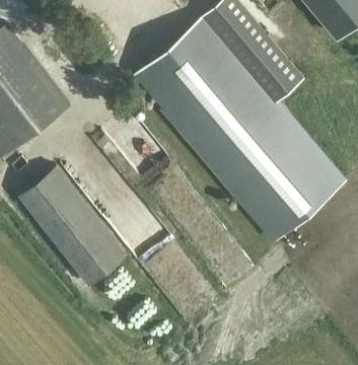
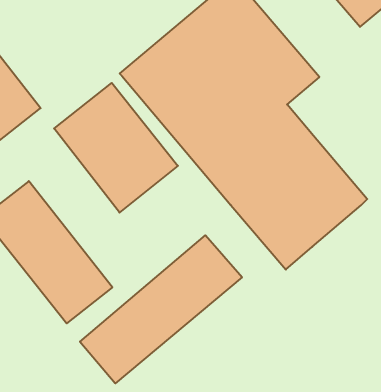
building: none -> [54,83,178,213]
building: none -> [80,235,242,383]

